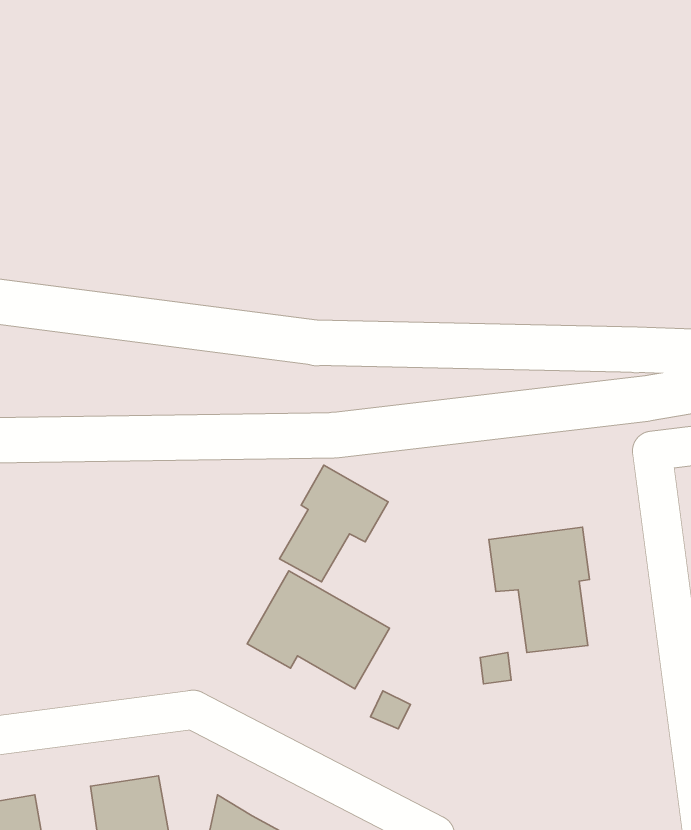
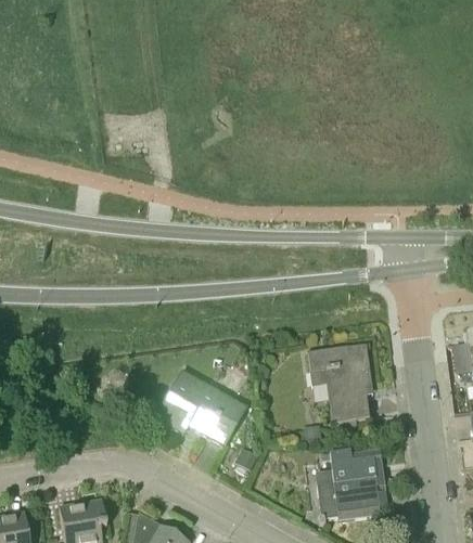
building: [280,465,388,582] -> none
building: none -> [316,450,384,523]

